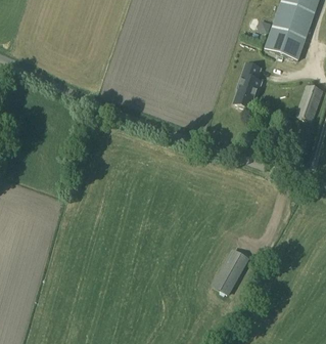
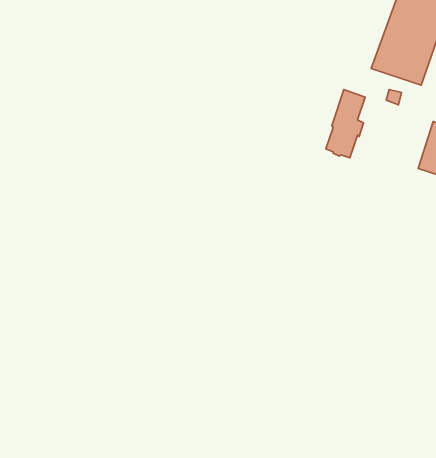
building: [214,250,247,294] -> none

